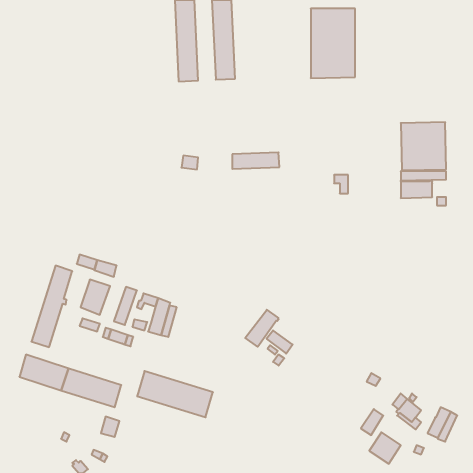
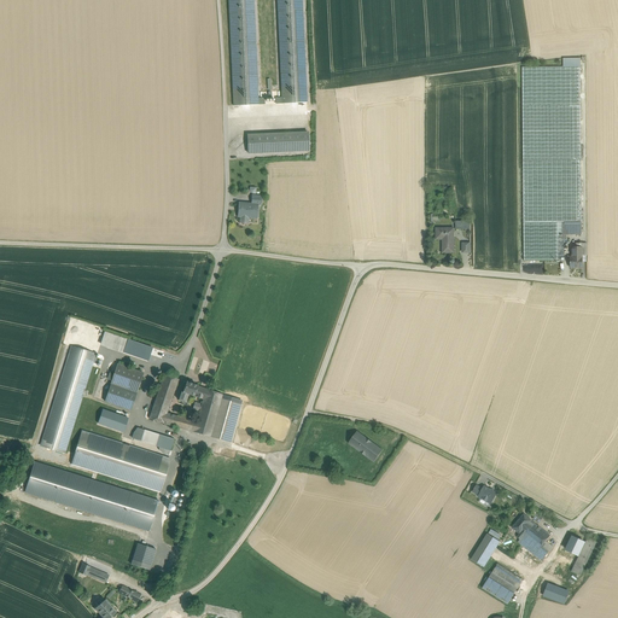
building: [311,9,355,78] -> [523,70,581,161]
building: [232,152,279,169] -> [247,133,309,154]
building: [245,310,279,347] -> none
building: [137,371,213,417] -> [71,431,170,491]

